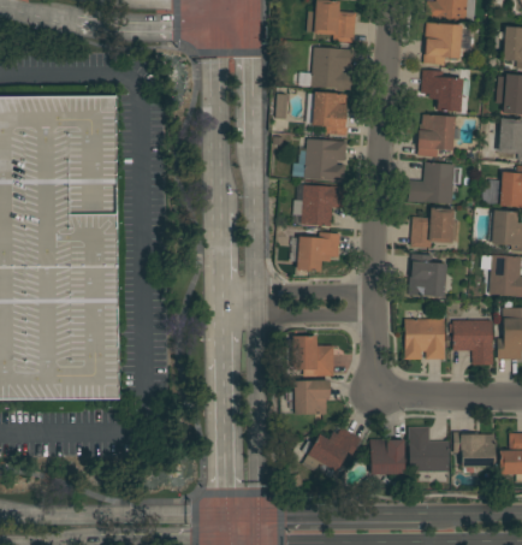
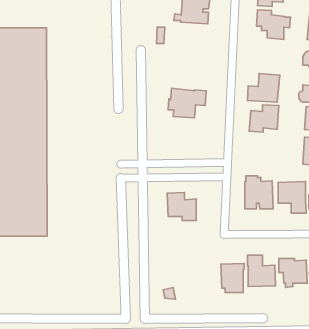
building: [307,93,349,136] -> none
building: [417,114,456,158] -> none
building: [292,140,348,182] -> none
building: [297,232,342,272] -> none
building: [409,254,447,297] -> none
building: [281,379,331,415] -> none
building: [303,427,362,478] -> none

